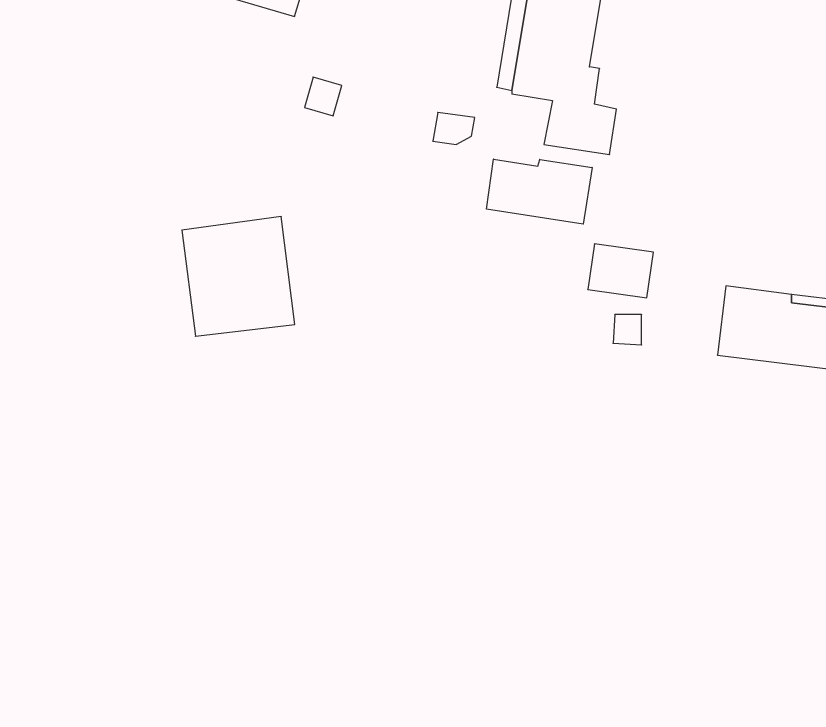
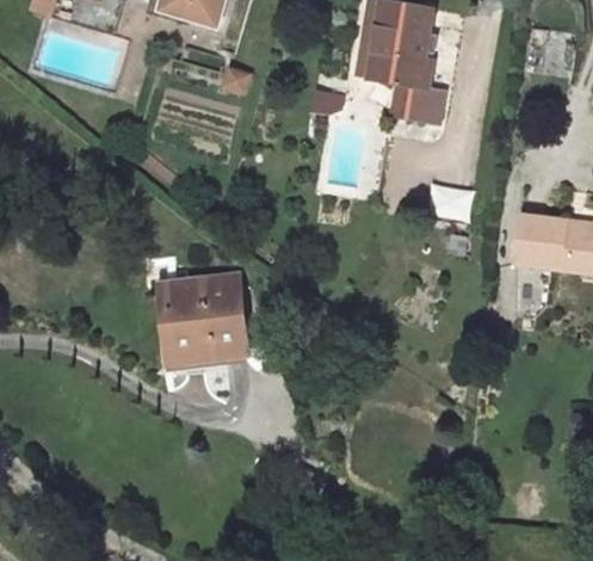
building: [487,159,592,224] -> none
building: [182,217,295,336] -> [165,277,245,362]

